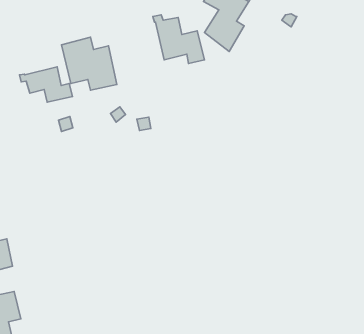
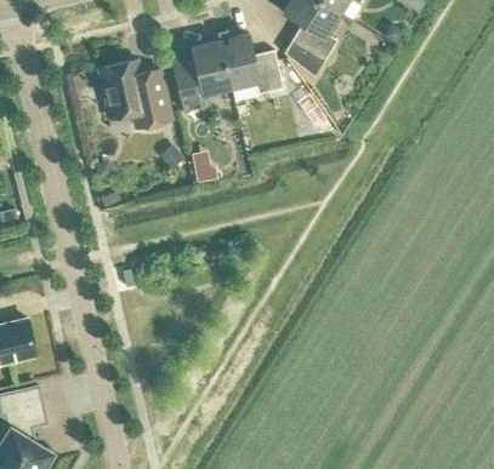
building: none -> [170,40,231,111]
building: [19,67,72,102] -> none

